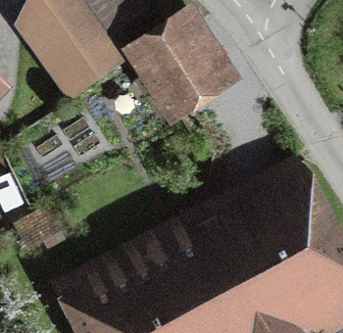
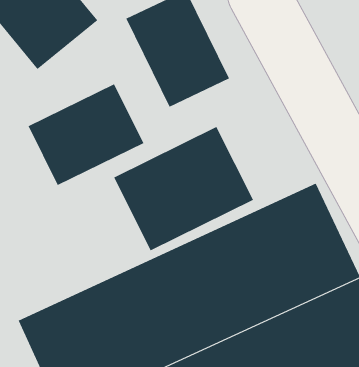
building: none -> [28,83,144,186]
building: none -> [113,126,254,251]

